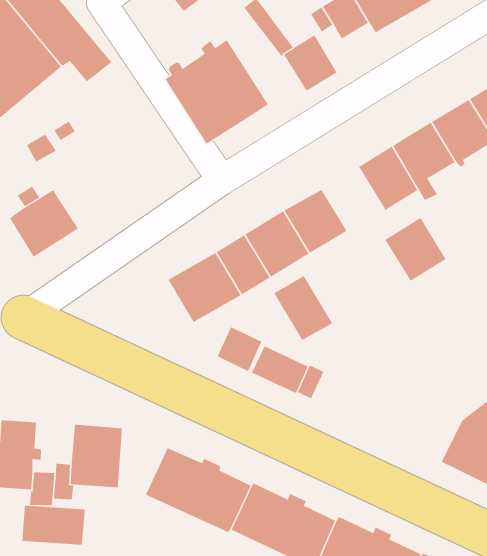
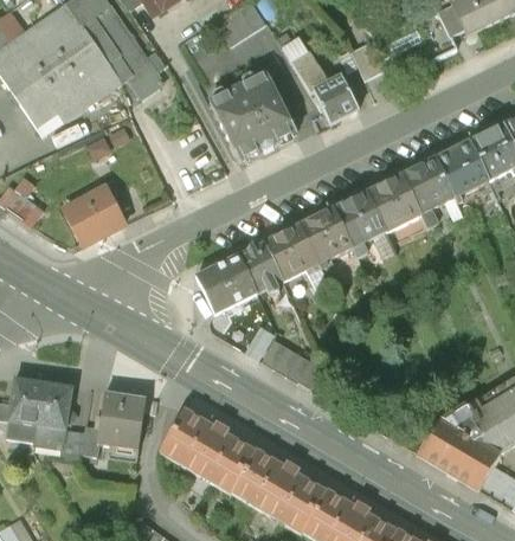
building: [384,217,447,281] -> [336,191,388,245]
building: [273,275,333,341] -> none
building: [22,505,85,545] -> none

